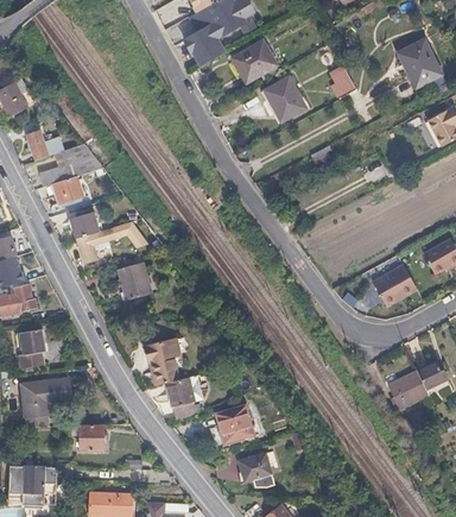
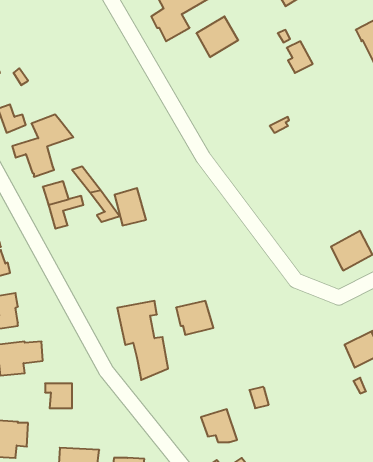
building: [265,78,306,121] -> none
building: [116,261,150,301] -> [114,188,146,225]
building: [215,408,254,443] -> [176,301,213,335]

